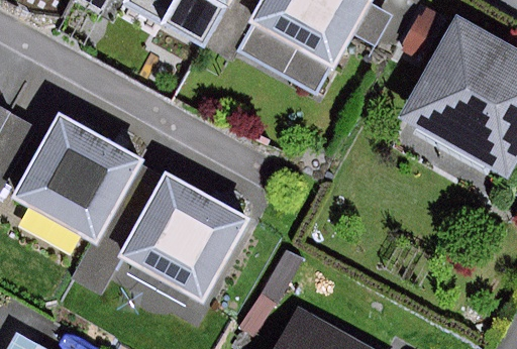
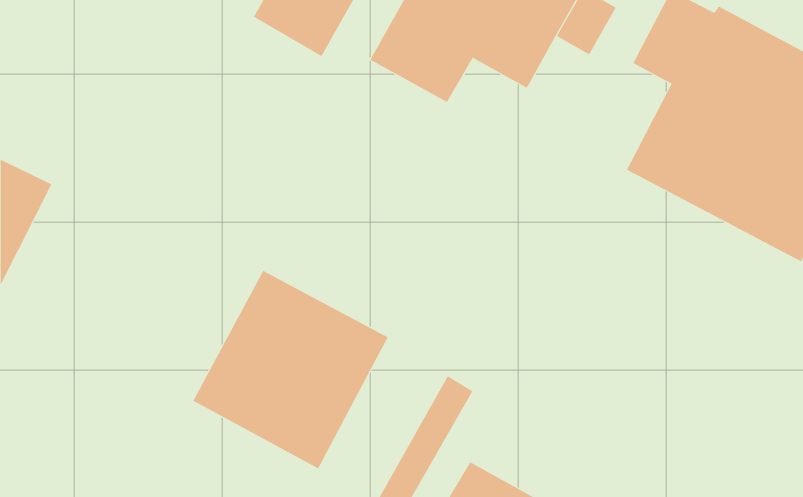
building: [12,117,143,247] -> none

